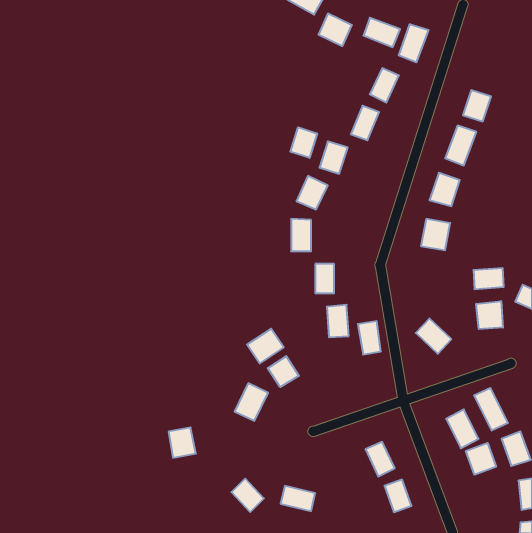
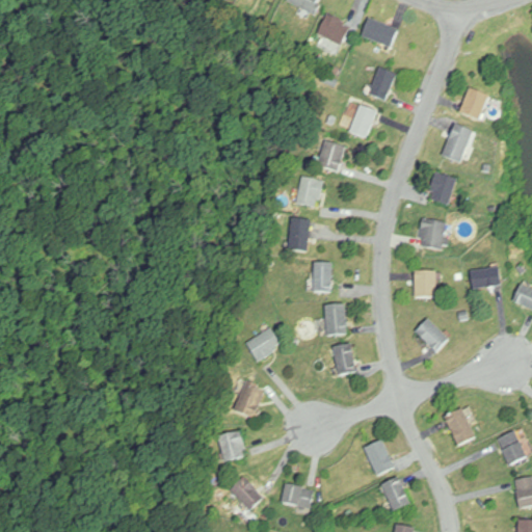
building: [399,24,429,62] -> none
building: [290,127,317,158] -> none
building: none -> [414,270,435,296]
building: [476,301,503,329] -> none
building: [358,321,381,355] -> [332,342,355,375]
building: [268,356,299,387] -> none
building: [474,388,508,431] -> none
building: [169,427,196,458] -> [218,430,245,460]
building: [466,443,496,475] -> none

